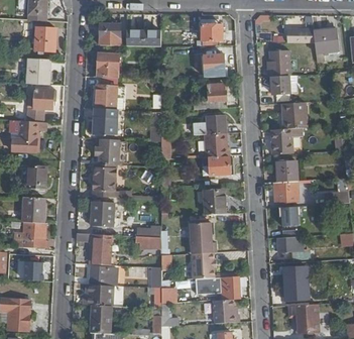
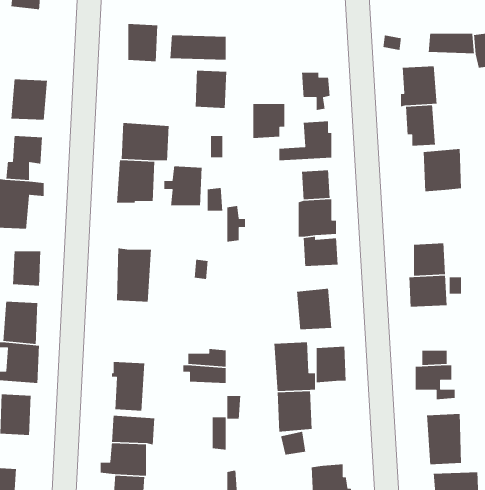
building: [201,26,221,48] -> [253,103,285,139]
building: [36,27,54,52] -> none
building: [97,54,117,79] -> [195,70,227,109]
building: [271,128,298,154] -> none
building: [95,139,119,164] -> [164,166,203,206]
building: [90,202,113,227] -> none
building: [282,205,305,225] -> none
building: [220,275,239,299] -> [316,346,347,383]

